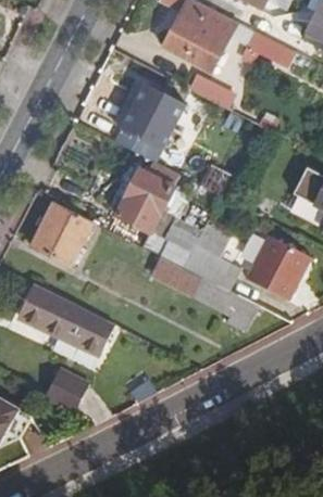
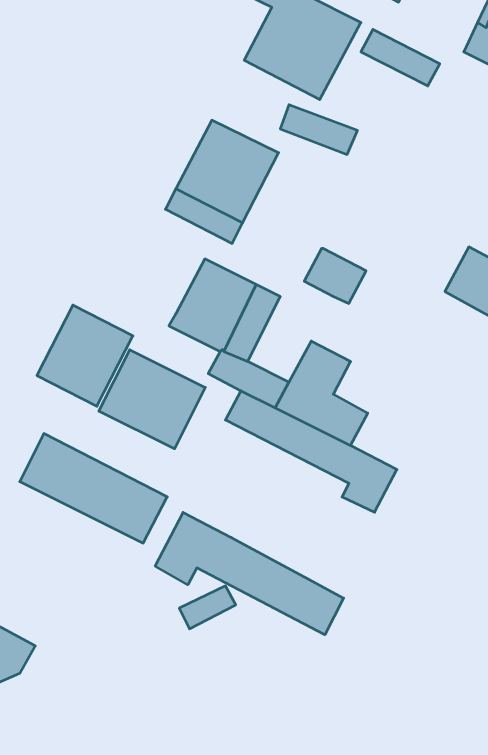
building: none -> [99,350,205,449]
building: [246,235,311,301] -> none
building: none -> [155,512,344,635]
building: [41,368,86,413] -> none

